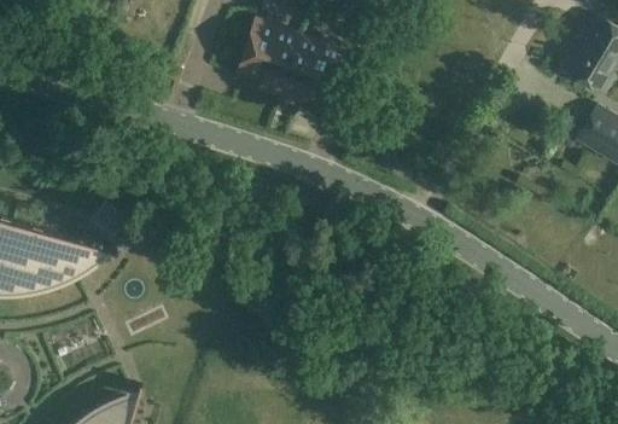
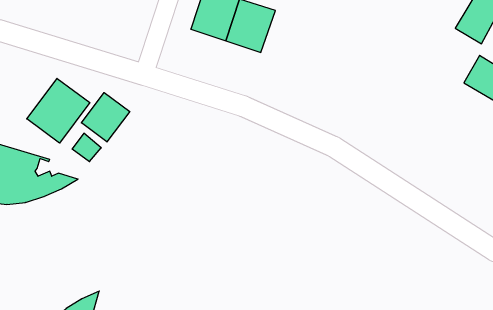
building: none -> [27,78,90,143]
building: none -> [81,93,130,142]

